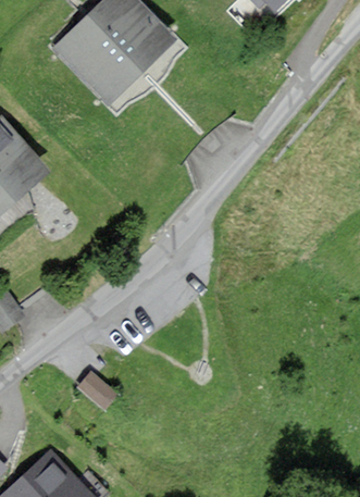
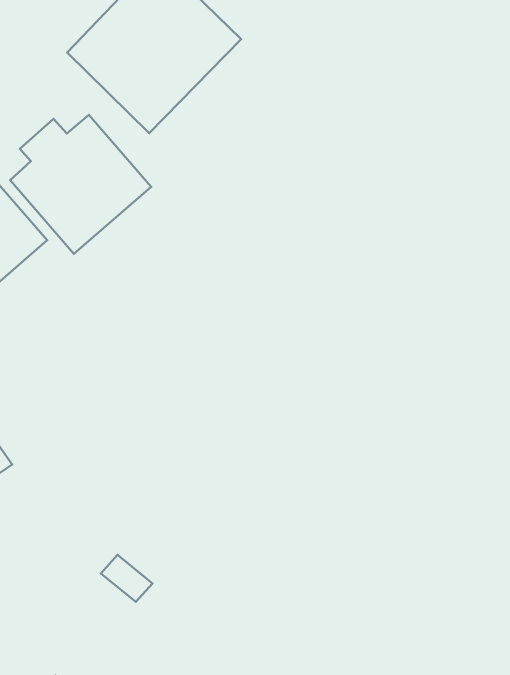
building: none -> [10,115,151,254]

